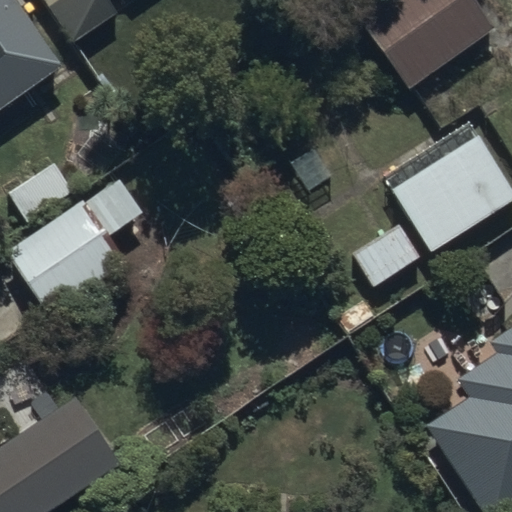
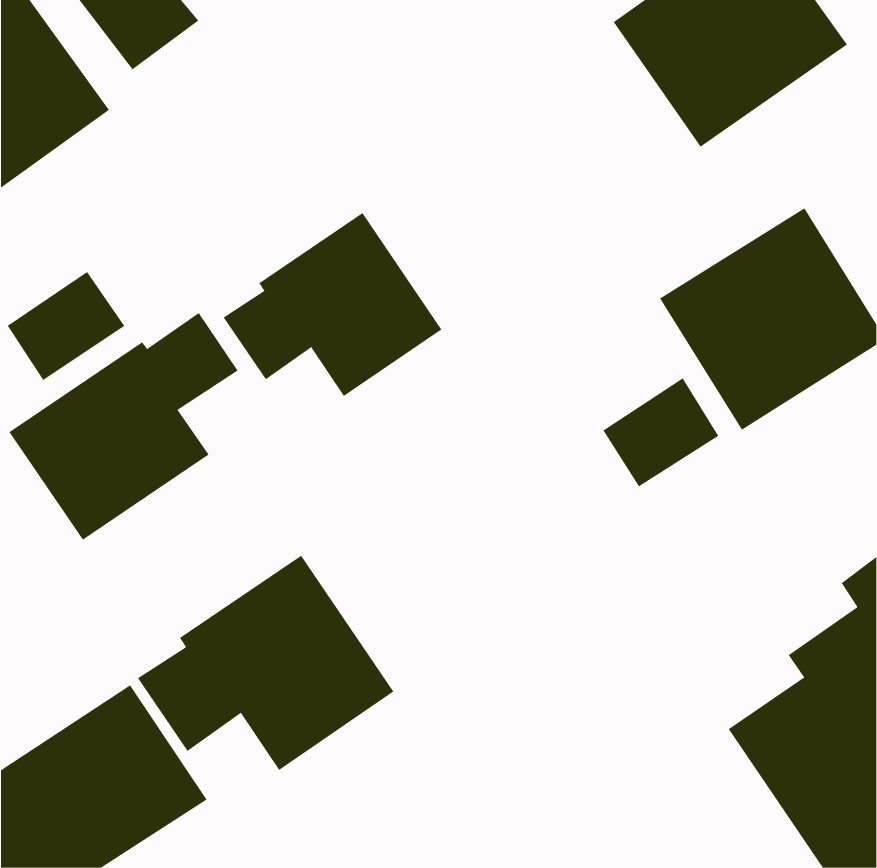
building: none -> [223,212,442,397]
building: none -> [137,555,394,771]

